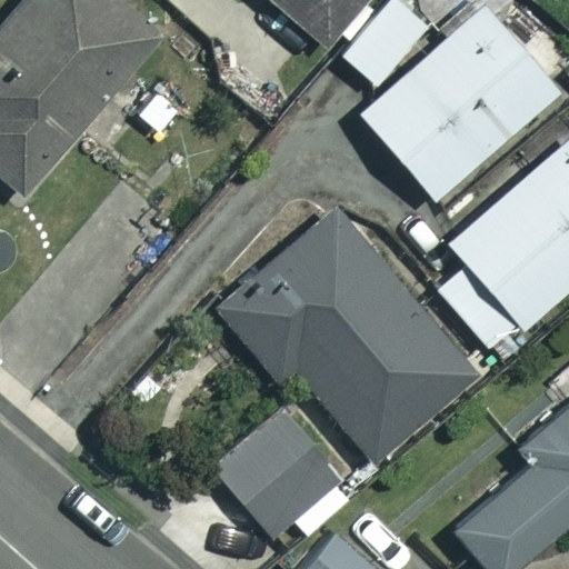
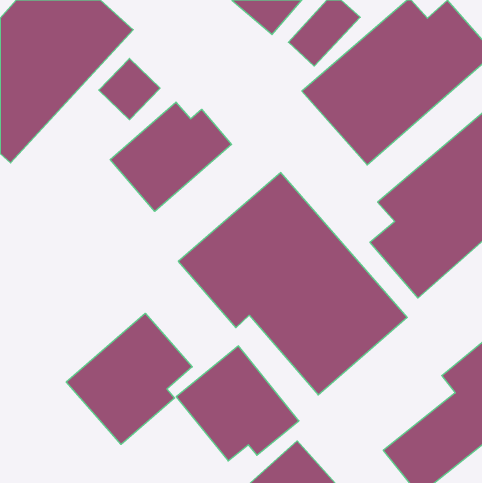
building: none -> [110,102,232,211]
building: none -> [66,313,192,444]

